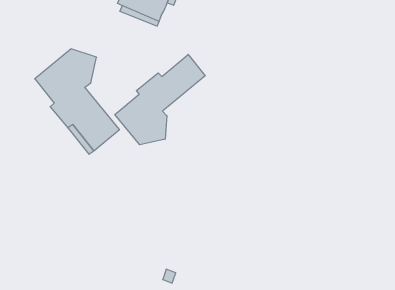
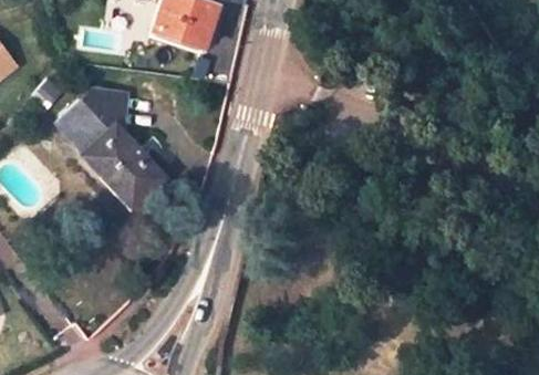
building: [115,54,205,145] -> none

